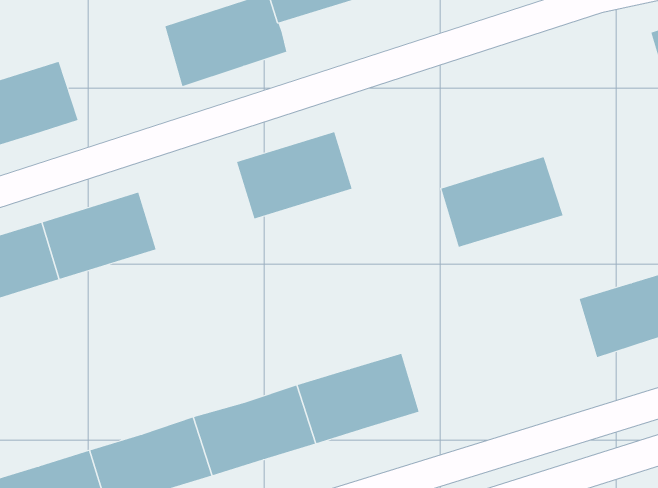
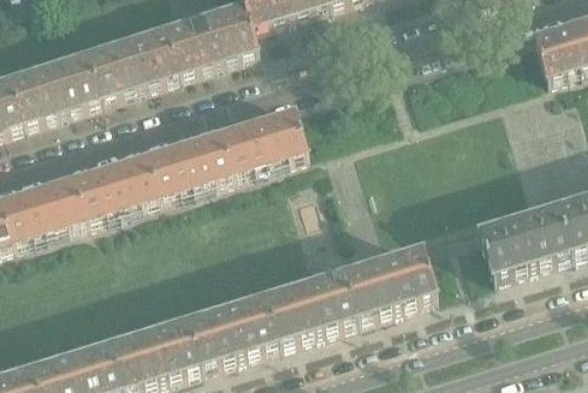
building: none -> [88,26,180,97]
building: [441,157,563,247] -> [346,249,439,317]
building: none -> [148,129,234,195]

